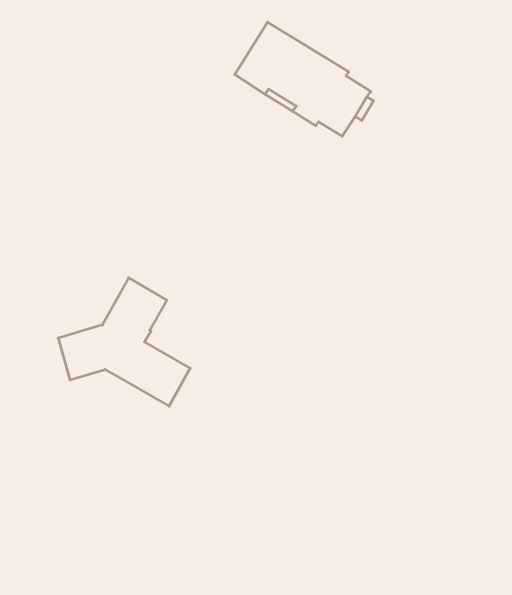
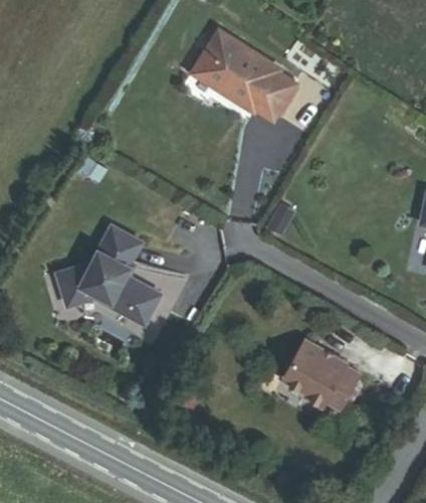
building: none -> [280,338,362,408]

